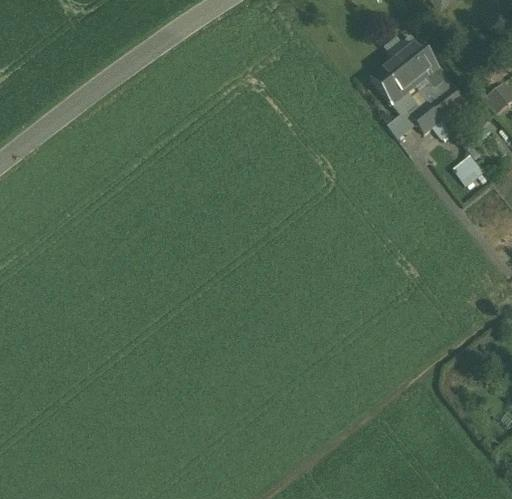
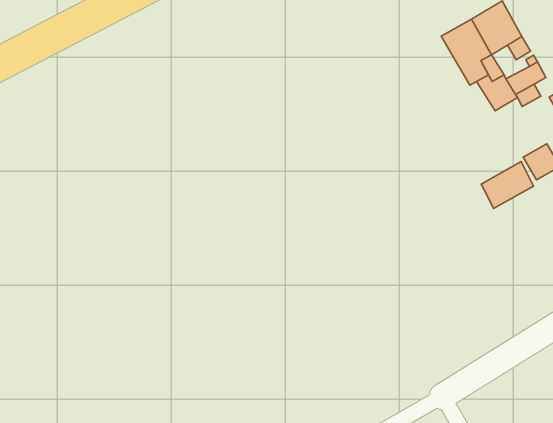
building: none -> [481,162,533,208]

